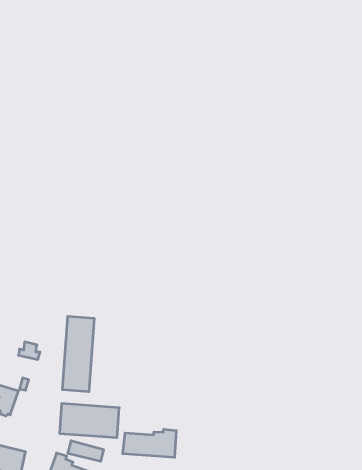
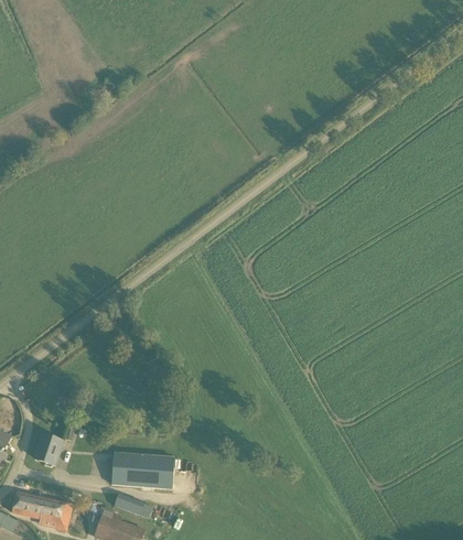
building: [62,316,94,392] -> none
building: [123,429,176,457] -> none

